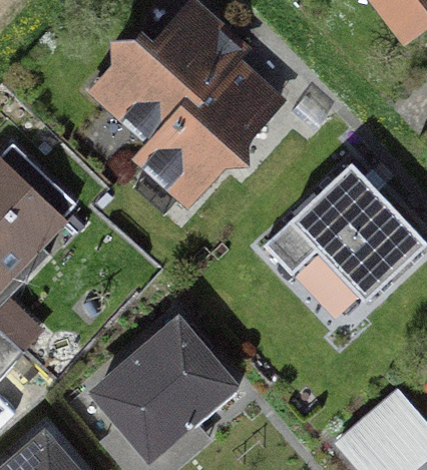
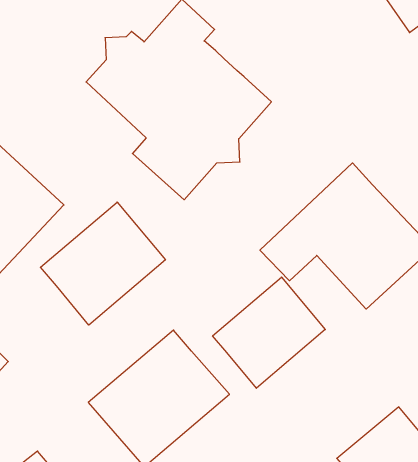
building: none -> [40,202,165,325]
building: none -> [213,277,325,388]

